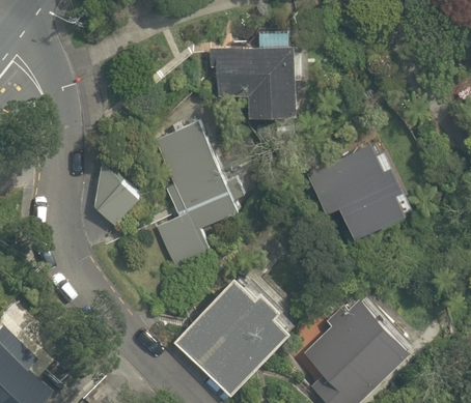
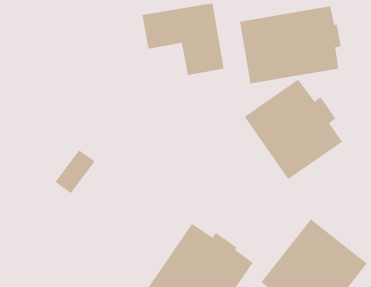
building: none -> [239,6,341,84]
building: [156,119,239,268] -> none

